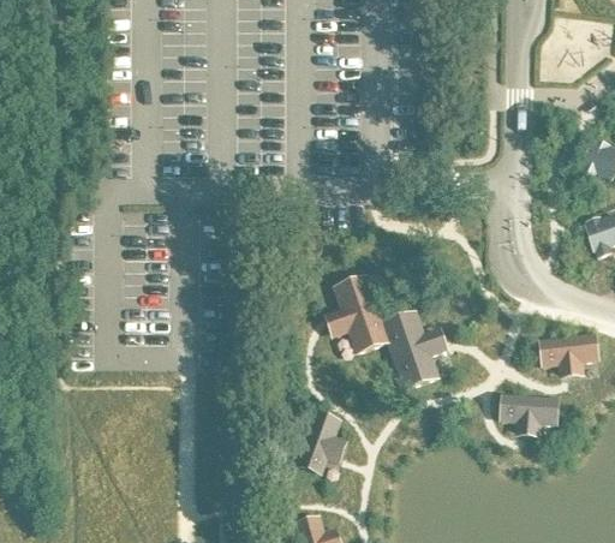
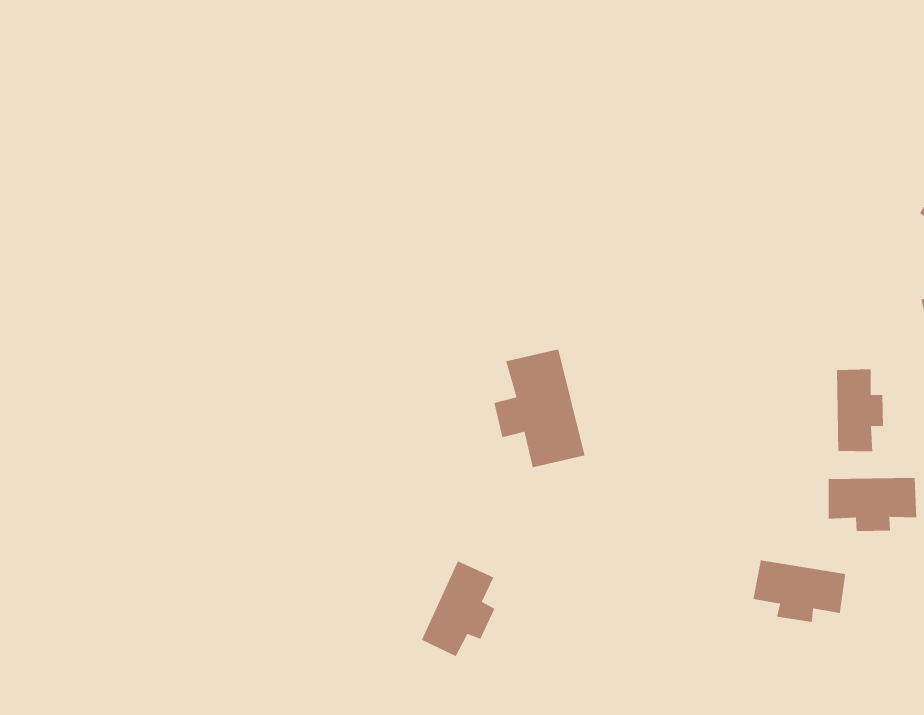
building: none -> [836,368,884,452]
building: [383,312,443,388] -> none

